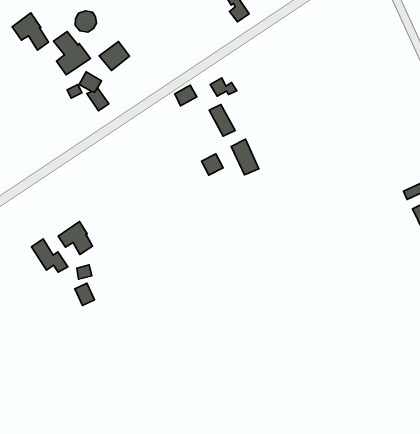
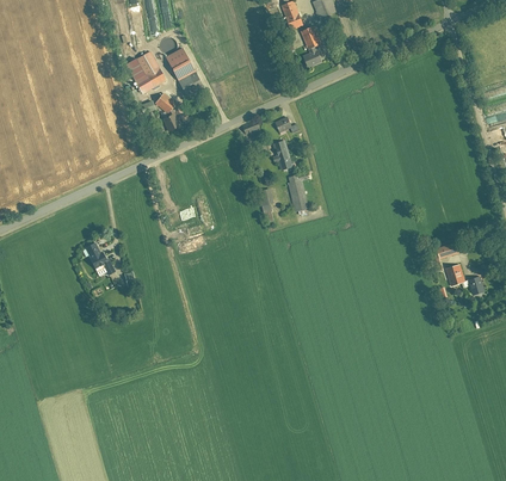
building: [12,13,49,50] -> none
building: [58,221,92,254] -> none

